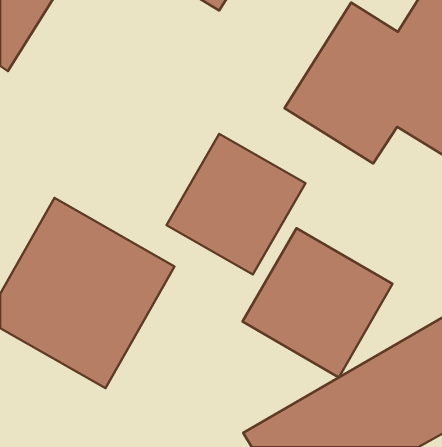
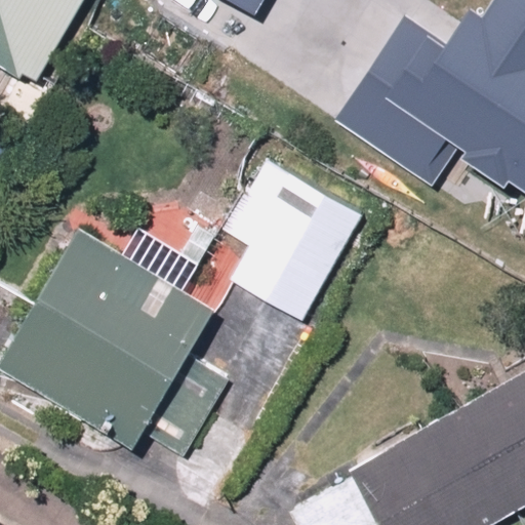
building: [242,228,393,377] -> none

